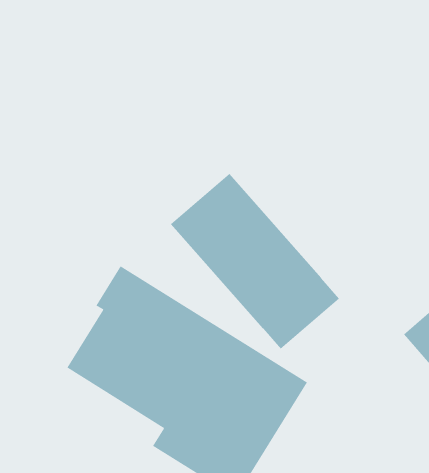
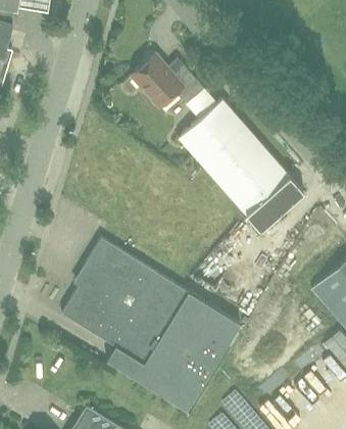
building: none -> [132,56,204,108]
building: [170,173,340,350] -> [179,101,304,232]

